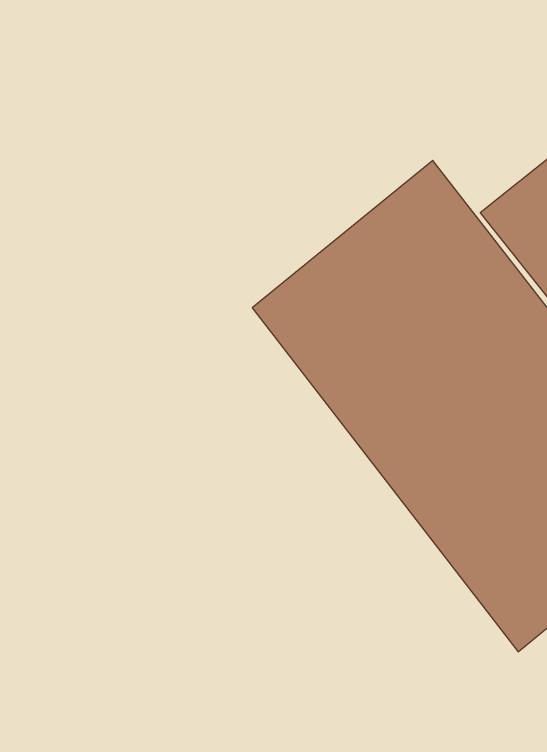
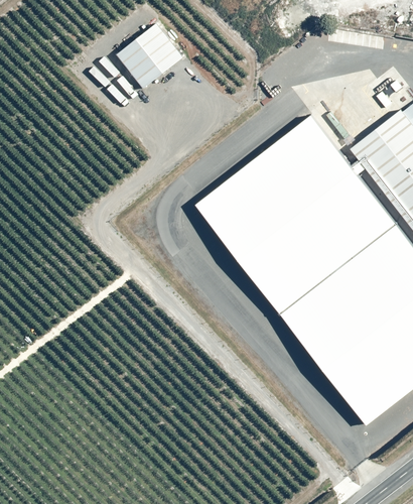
building: none -> [112,21,175,84]

